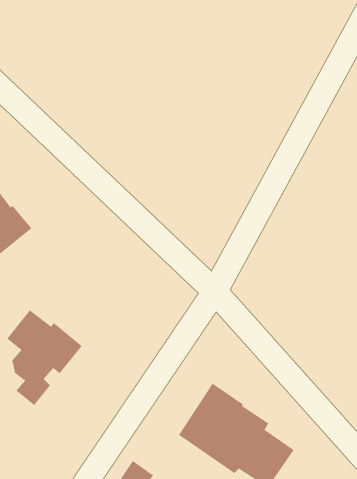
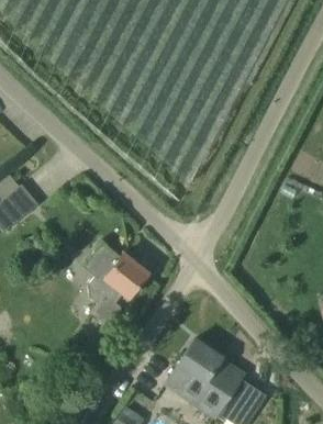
building: [7,309,83,406] -> [83,243,149,326]

